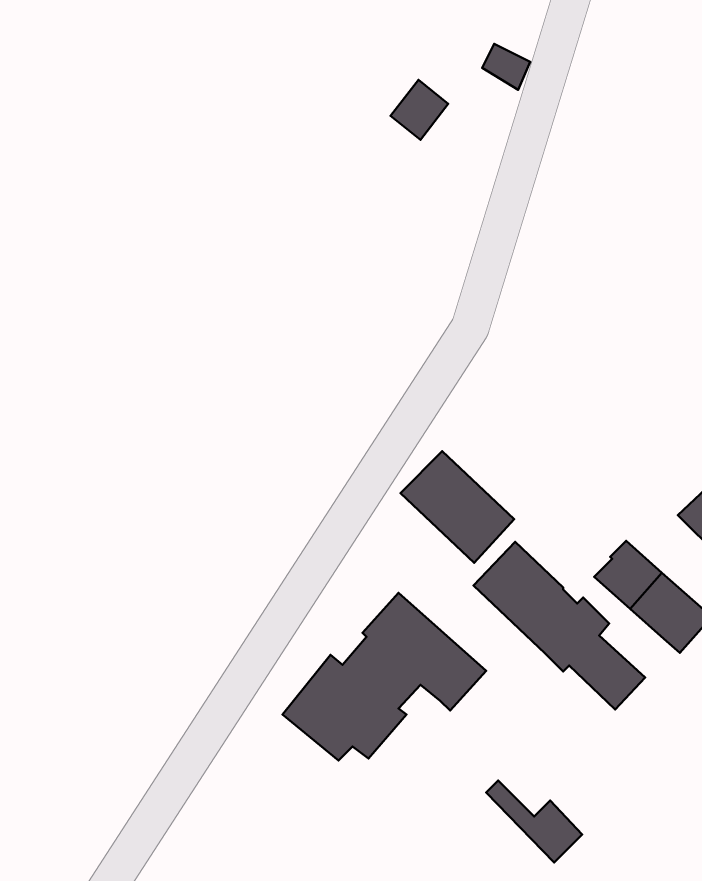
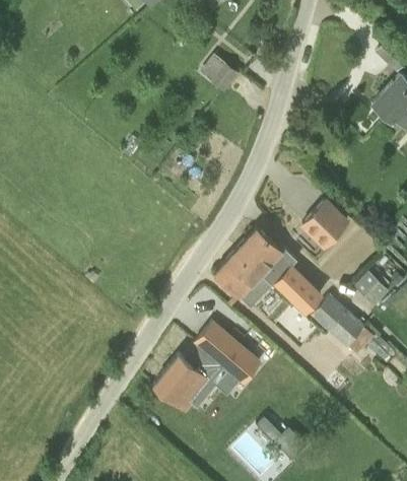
building: none -> [302,200,347,246]
building: [473,542,645,709] -> [235,228,323,314]

